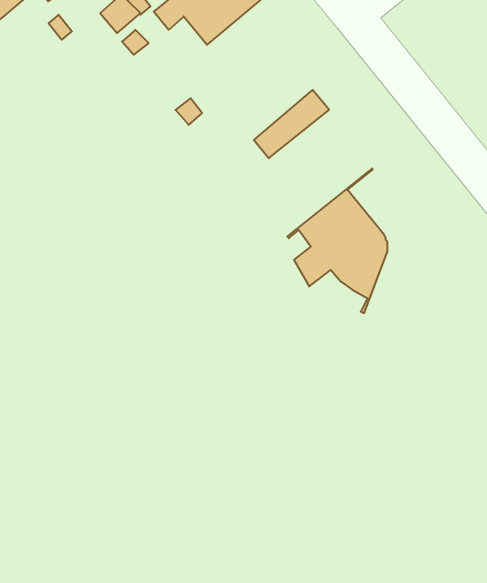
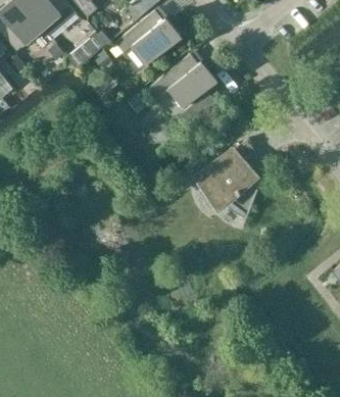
building: none -> [150,53,216,106]

